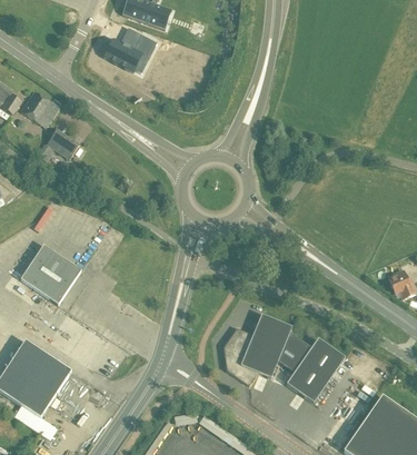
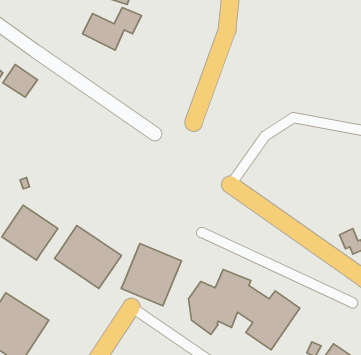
building: [48,129,79,159] -> none
building: none -> [54,225,121,289]
building: none -> [121,244,182,306]

